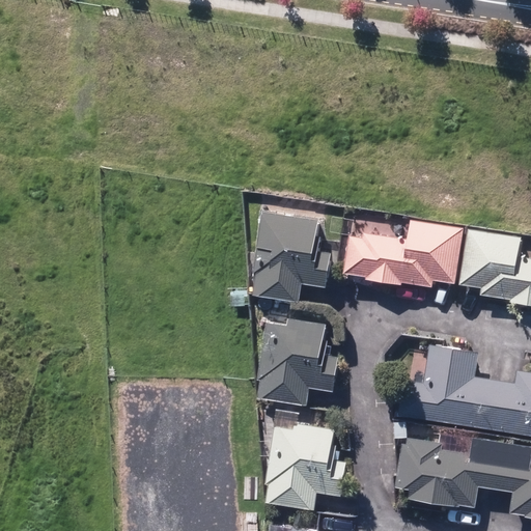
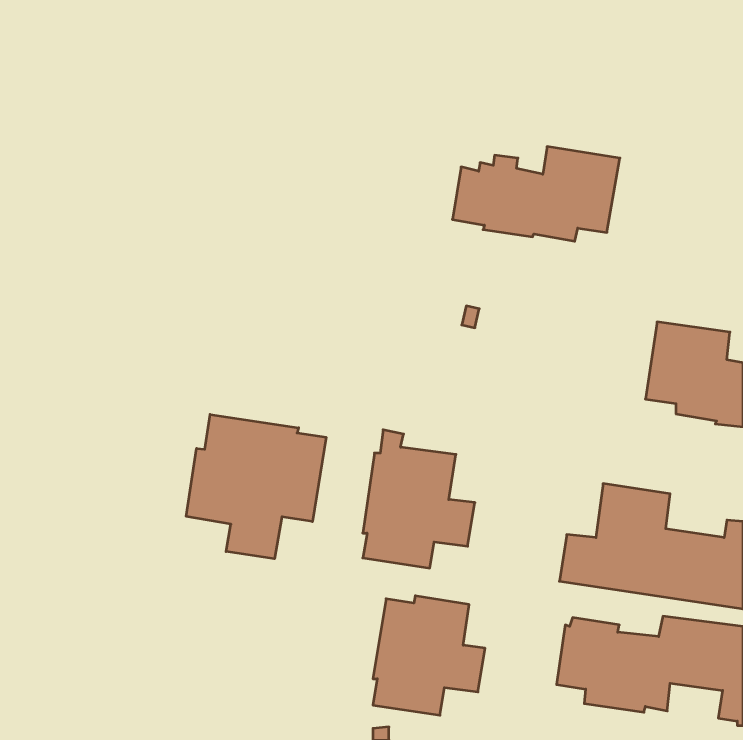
building: [252,213,329,301] -> none
building: [343,220,463,287] -> [452,147,620,241]
building: none -> [186,414,326,559]

